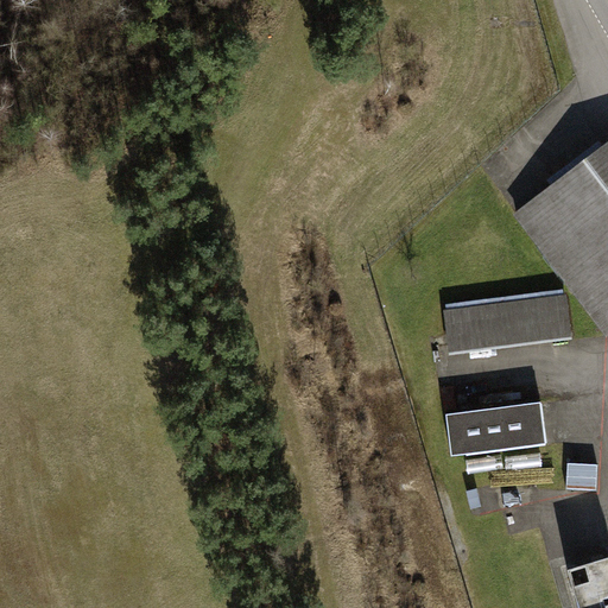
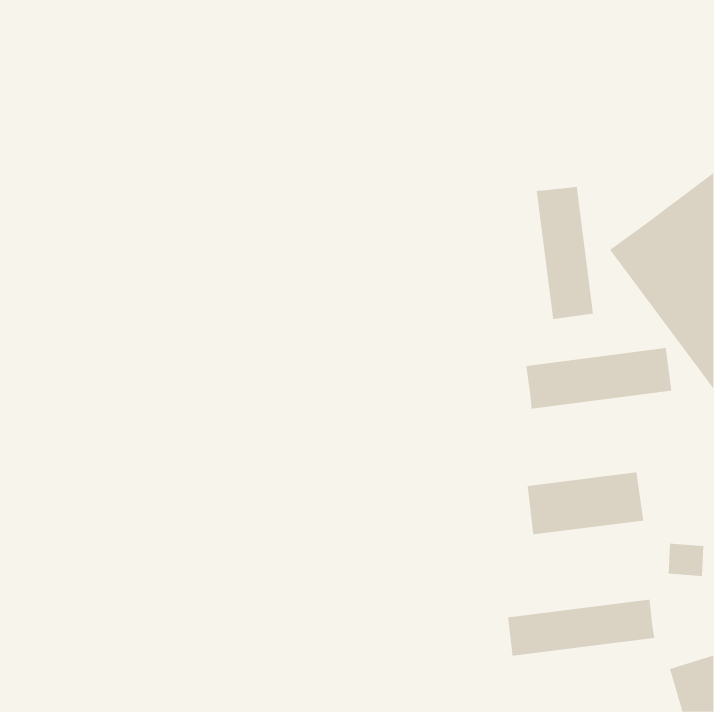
building: none -> [536,186,593,320]
building: none -> [507,599,655,656]

